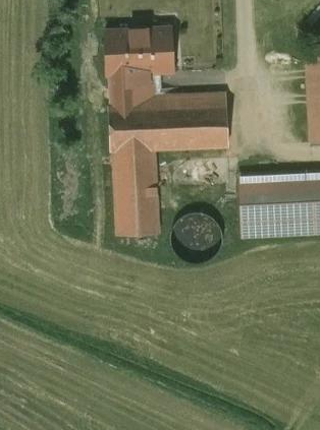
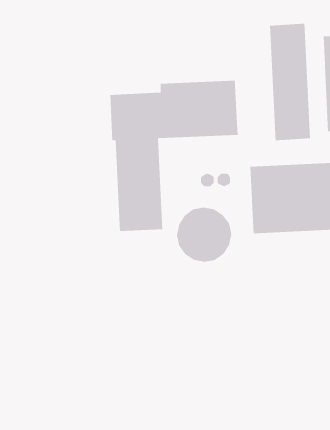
building: [106,29,173,108] -> none
building: none -> [269,23,311,141]

